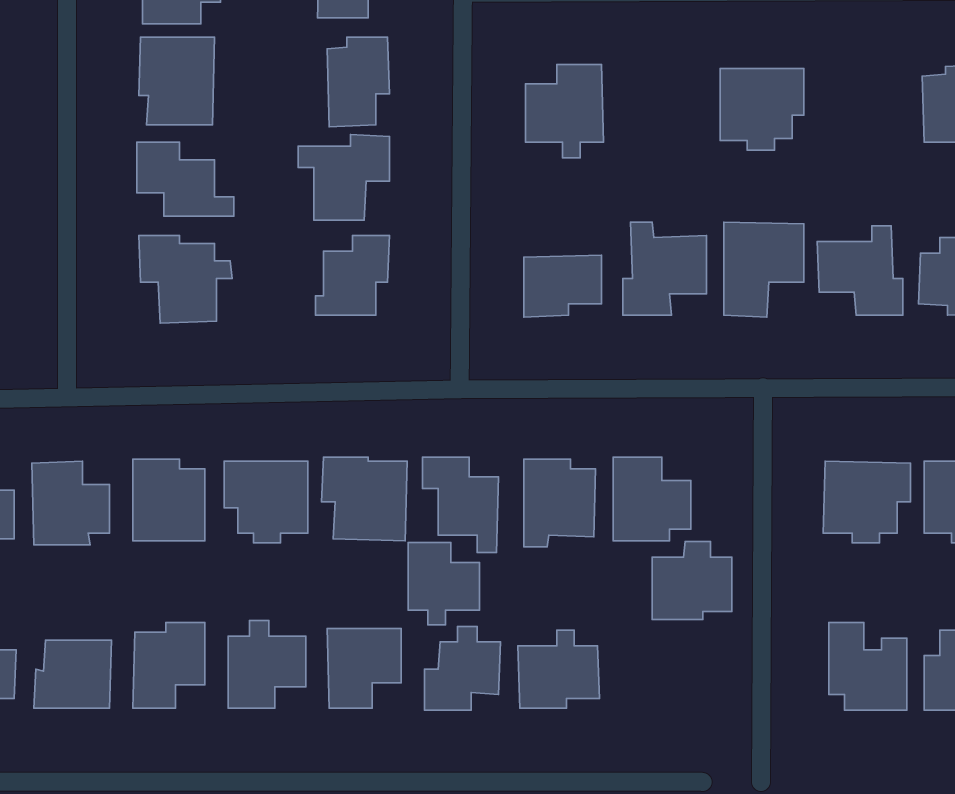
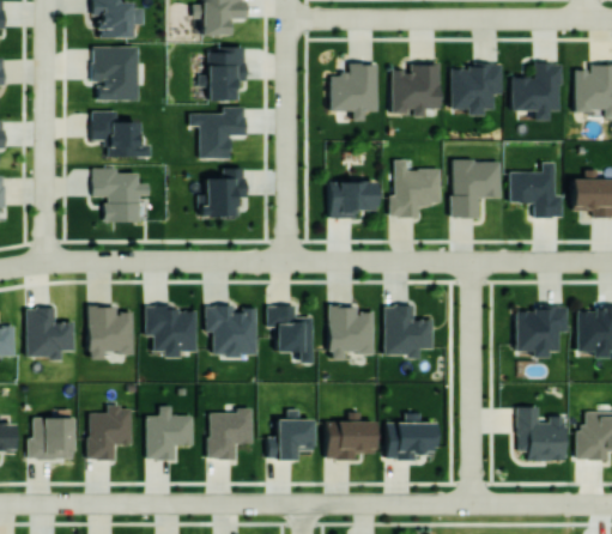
building: none -> [511,63,562,121]
building: none -> [390,66,441,116]
building: [652,542,732,619] -> [386,413,435,461]
building: [408,542,479,625] -> none

